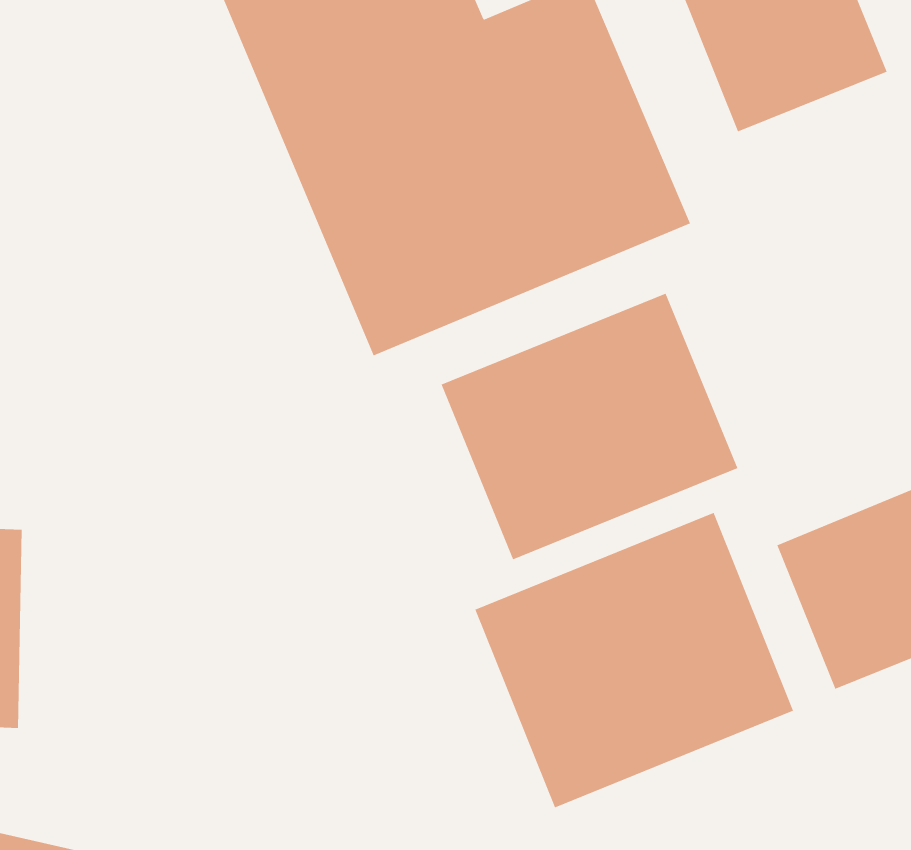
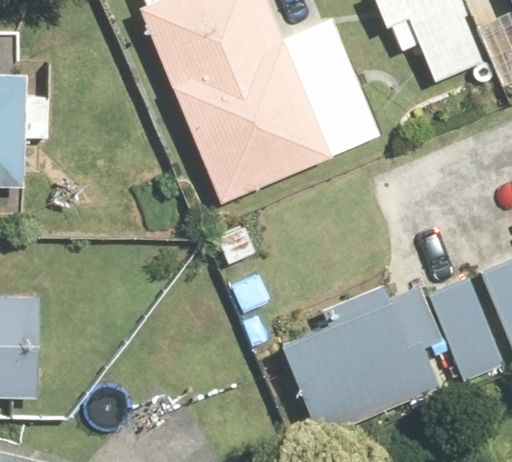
building: [441,293,738,560] -> none

